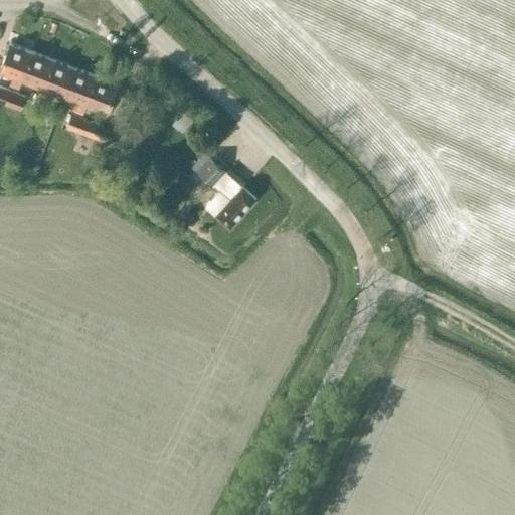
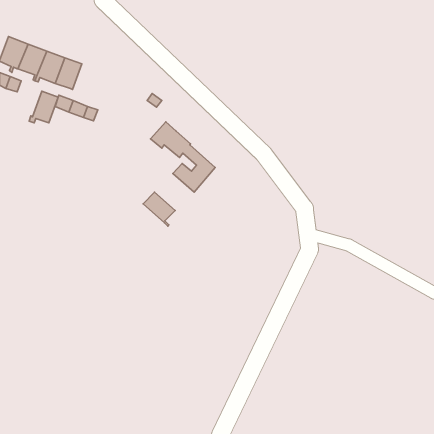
building: [81,76,116,114] -> [29,91,58,123]
building: none -> [143,192,175,226]

